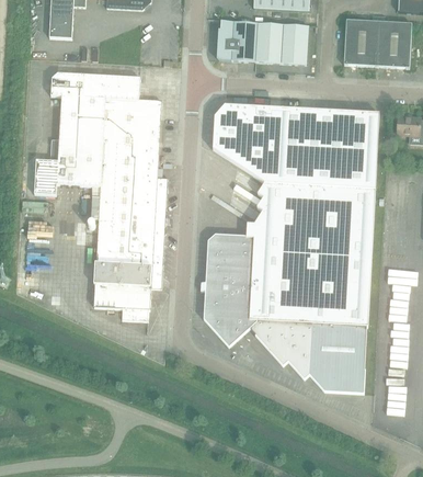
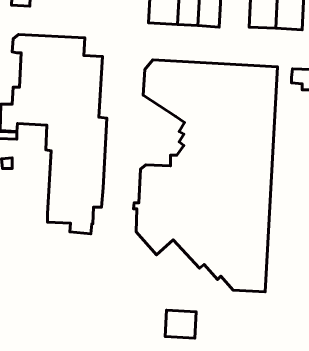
building: none -> [165,310,196,338]

